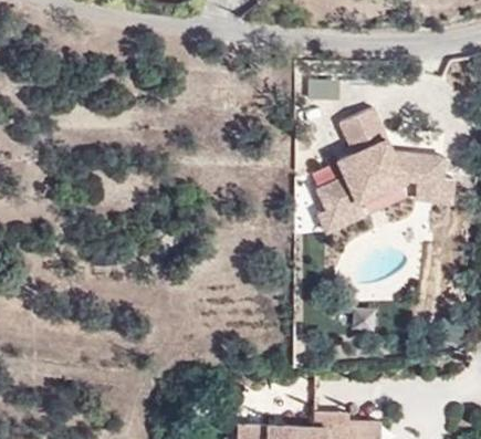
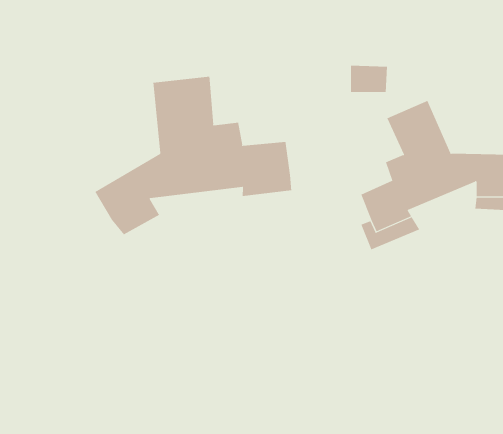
building: none -> [95,76,292,235]

